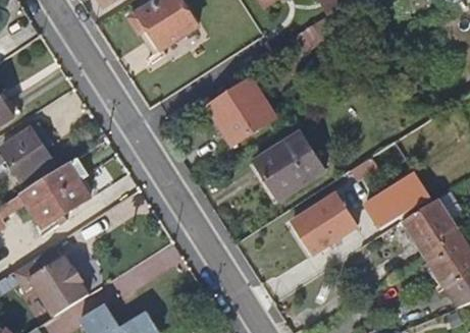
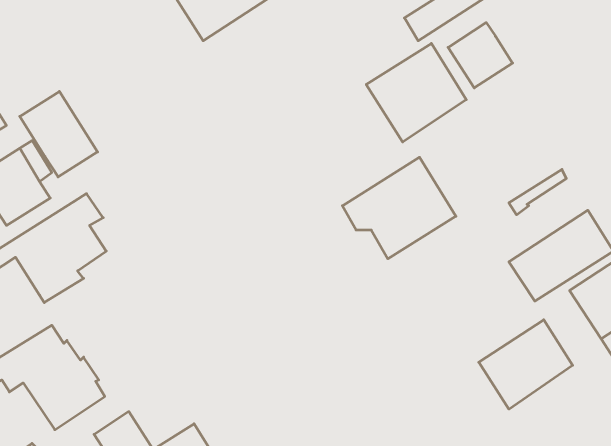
building: none -> [448,23,513,88]
building: [208,80,275,147] -> [366,43,466,142]
building: none -> [20,91,98,177]
building: [295,195,358,255] -> [479,320,573,409]

